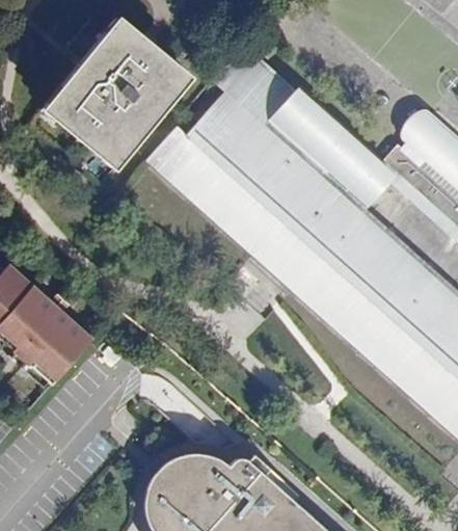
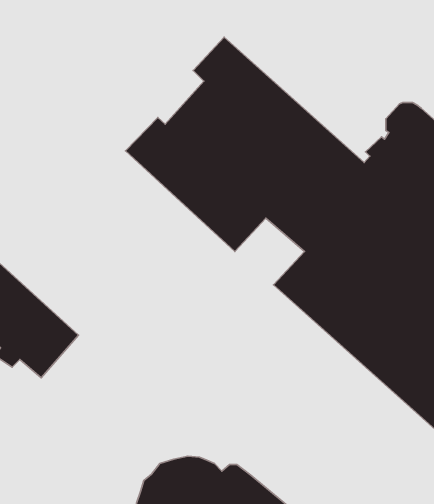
building: [39,20,184,168] -> none
building: [255,225,323,290] -> none

